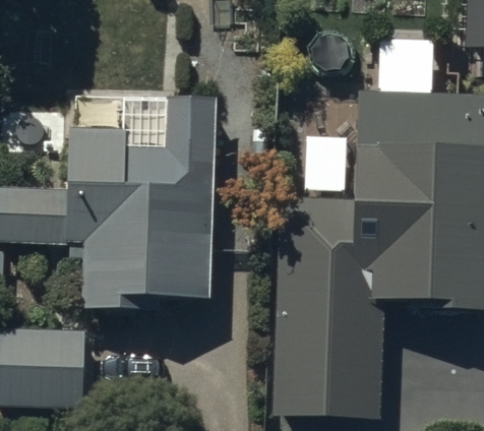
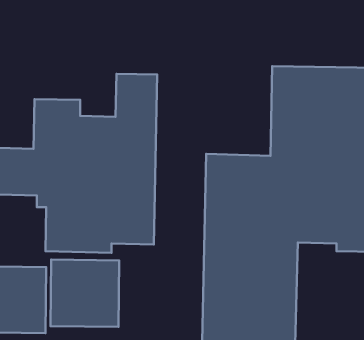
building: none -> [50,260,119,327]

